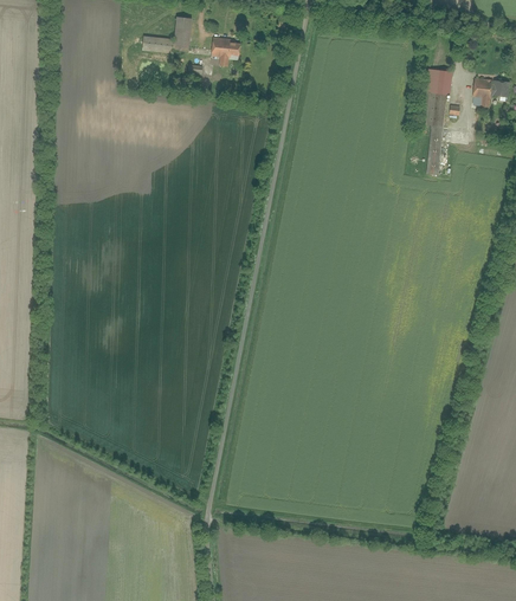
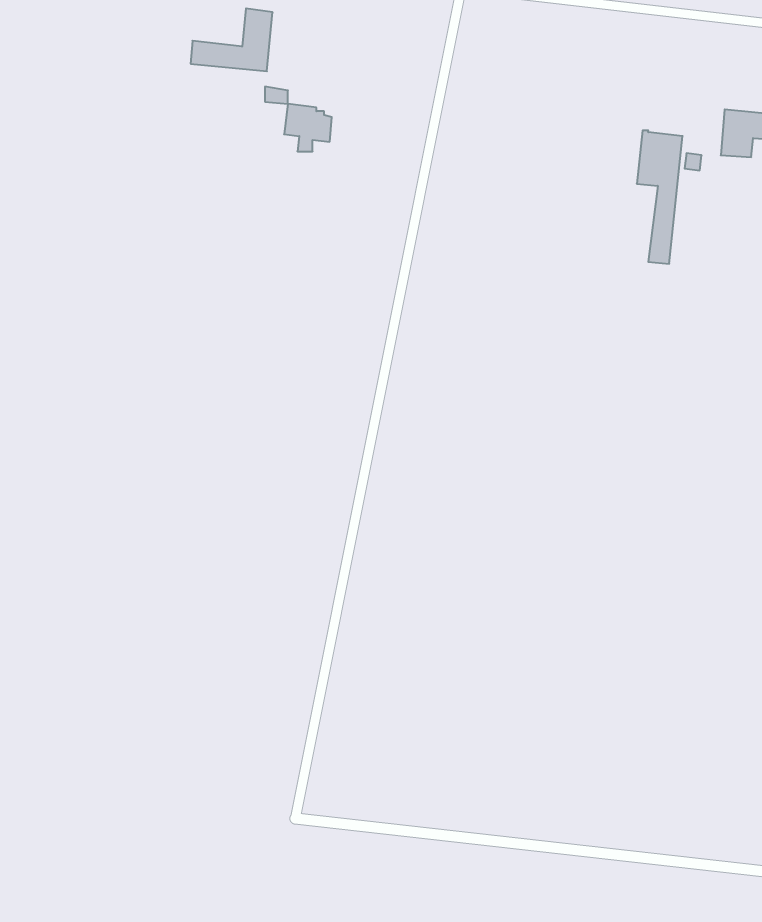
building: [211,35,240,65] -> [284,104,332,151]
building: [426,67,452,93] -> none

